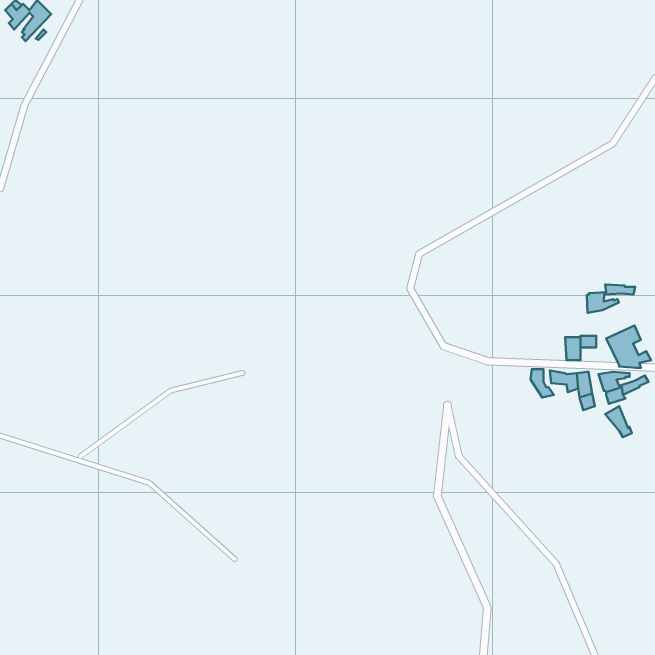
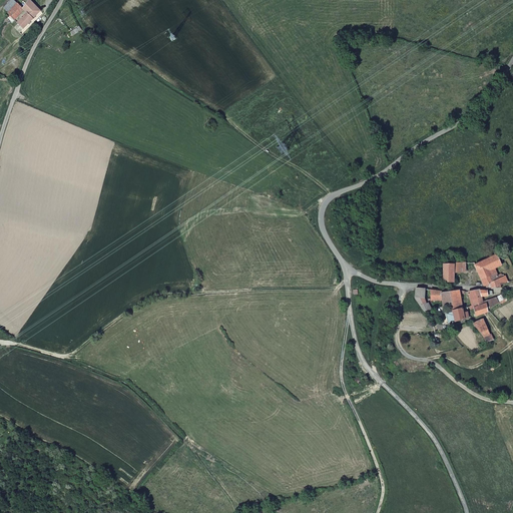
building: [587,284,635,313] -> none

